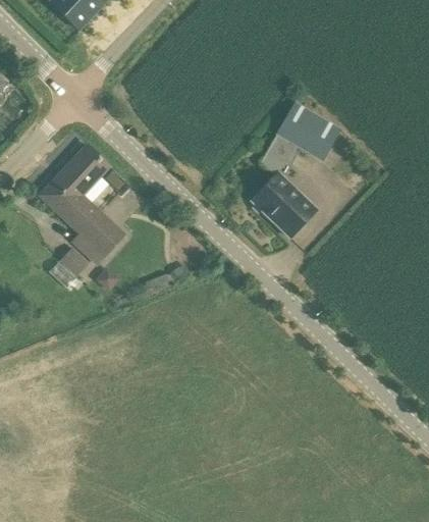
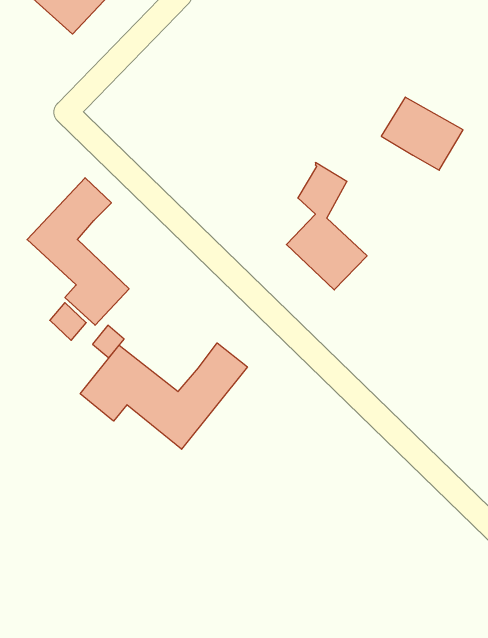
building: [274,102,340,161] -> [381,97,463,170]
building: none -> [80,343,247,449]

